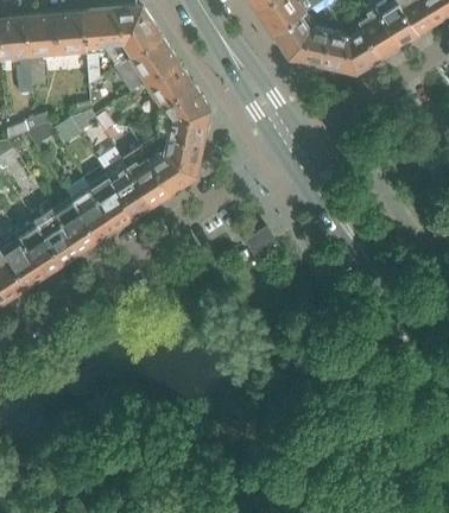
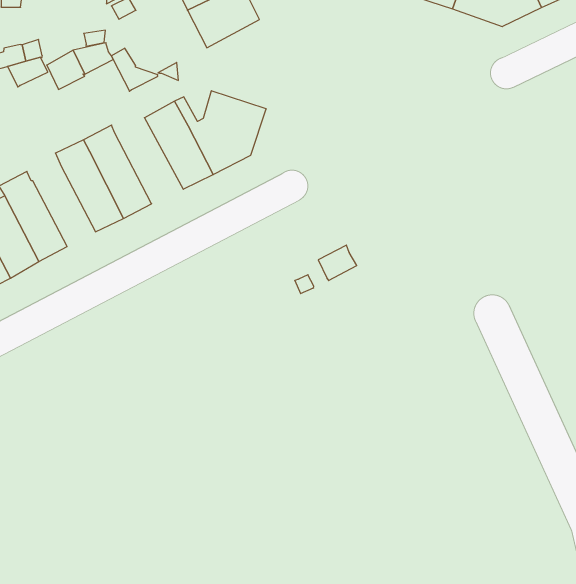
building: [158,86,209,145] -> none
building: [103,159,153,217] -> none
building: [52,197,97,251] -> none

